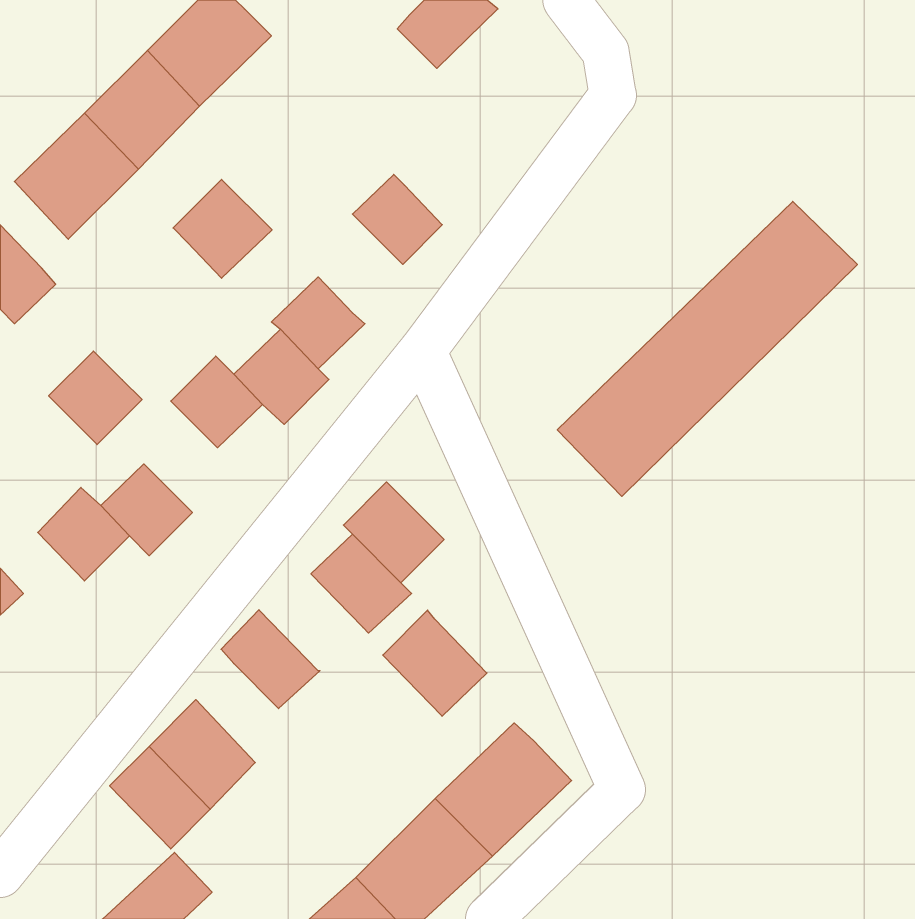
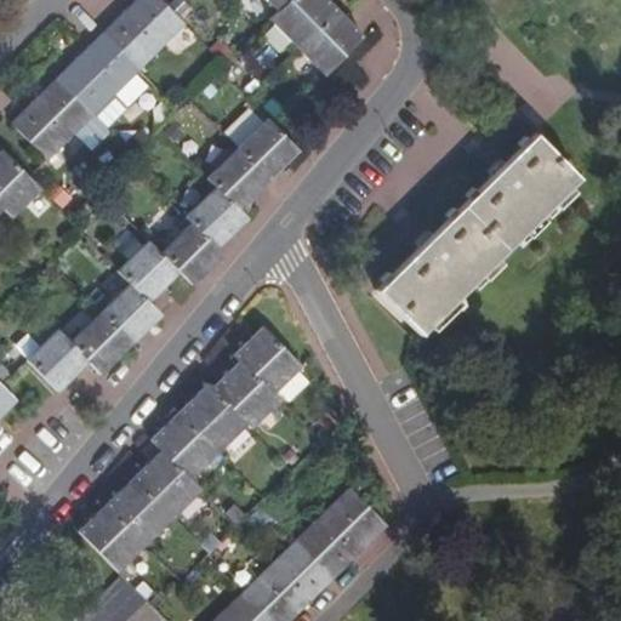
building: none -> [297,6,366,75]
building: [173,179,272,278] -> [207,144,274,211]
building: [49,351,142,445] -> [99,283,163,346]
building: [383,610,487,716] -> [177,381,247,452]
building: none -> [135,448,201,514]

